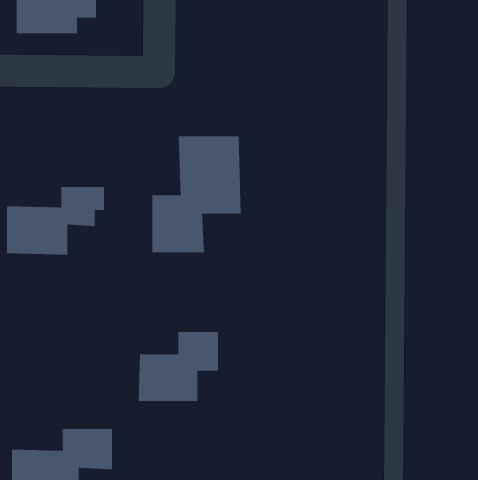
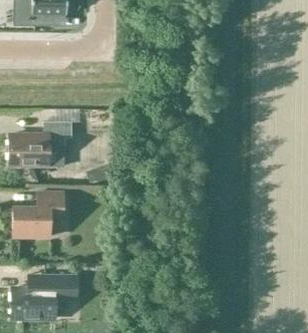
building: [152,136,241,253] -> none
building: [138,332,219,401] -> [12,193,63,237]

